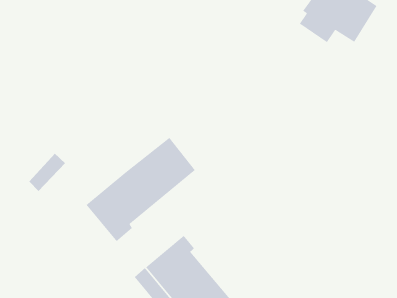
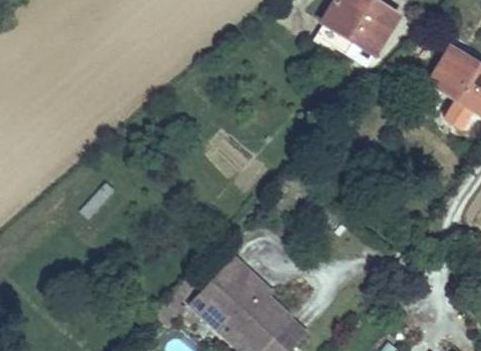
building: [85,137,196,242] -> none

